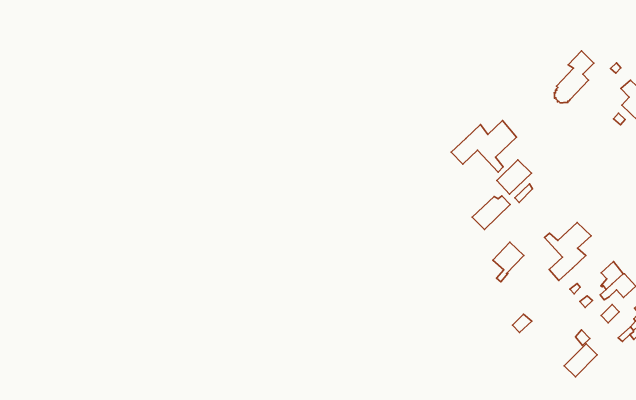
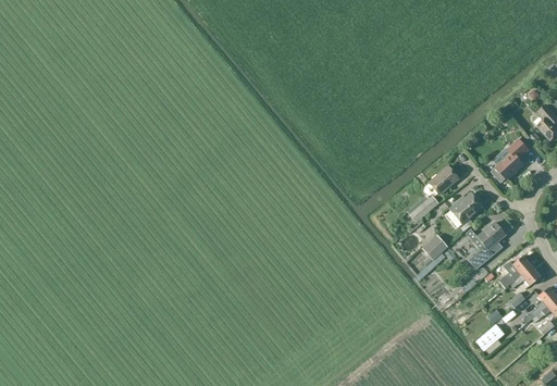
building: [554,51,594,103] -> [495,136,530,178]
building: [451,120,517,172] -> none
building: none -> [450,192,482,222]

